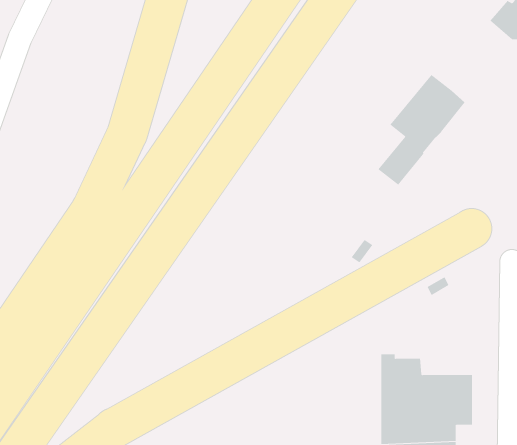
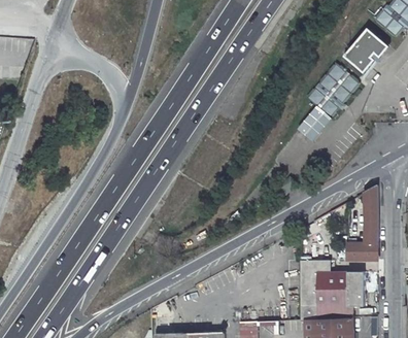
building: none -> [345,36,386,70]
building: none -> [348,184,378,259]

